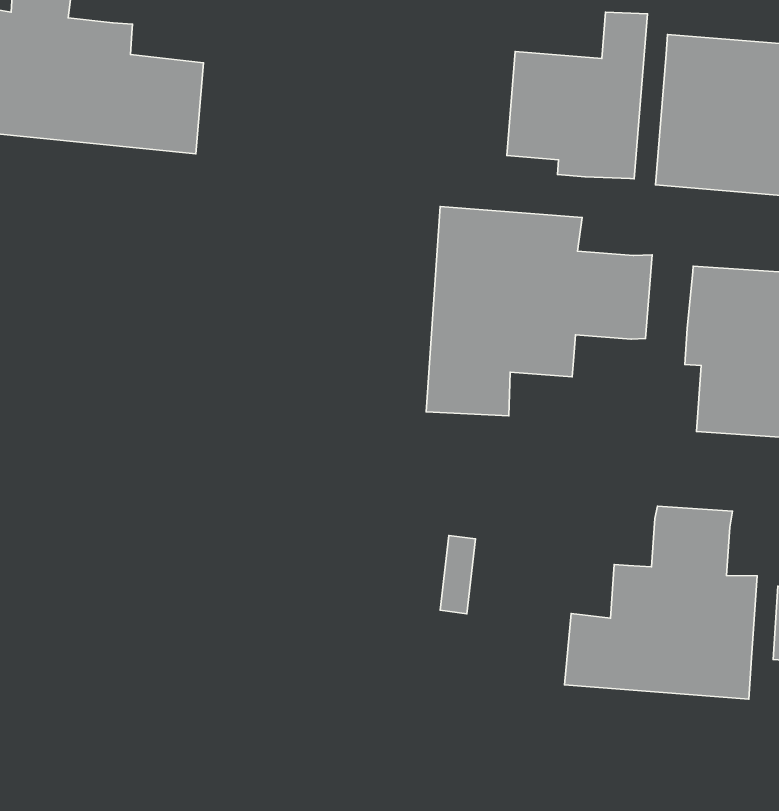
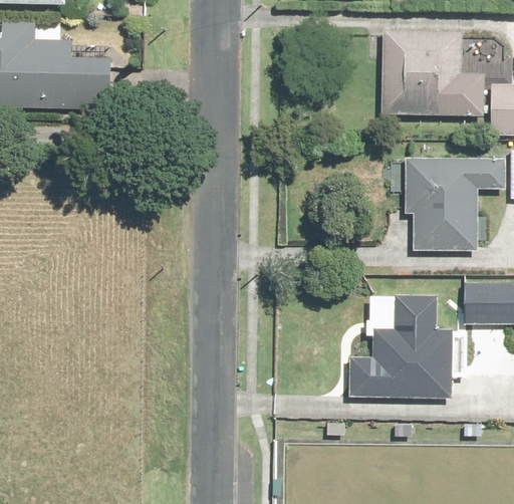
building: [507,12,647,179] -> none
building: [426,207,652,416] -> none

